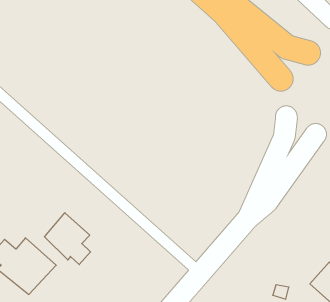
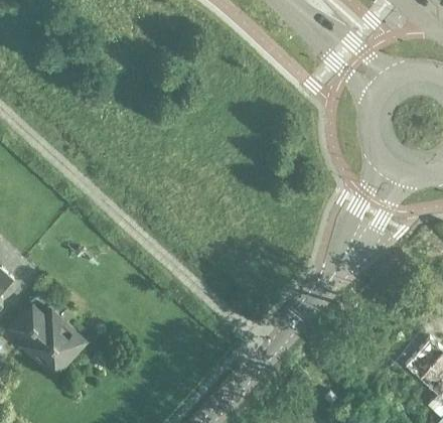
building: [45,213,91,265] -> none

